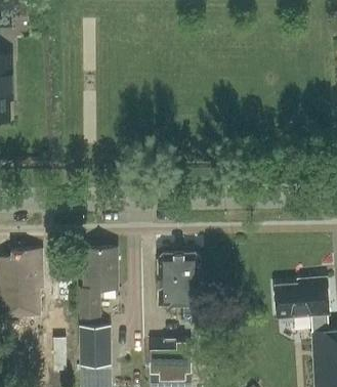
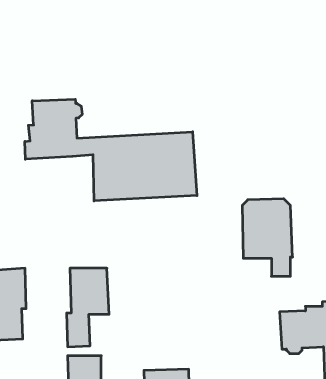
building: none -> [25,99,197,201]
building: [157,252,203,322] -> [242,199,293,276]

